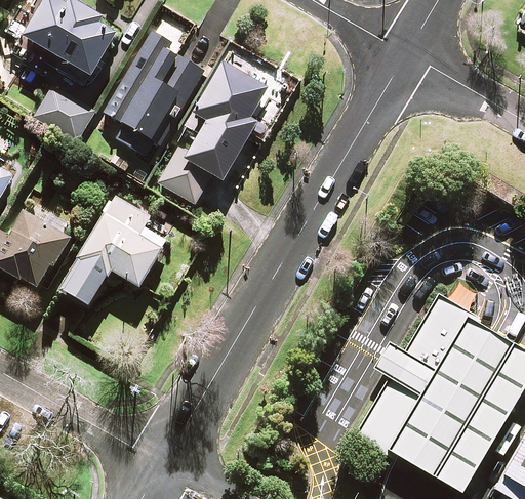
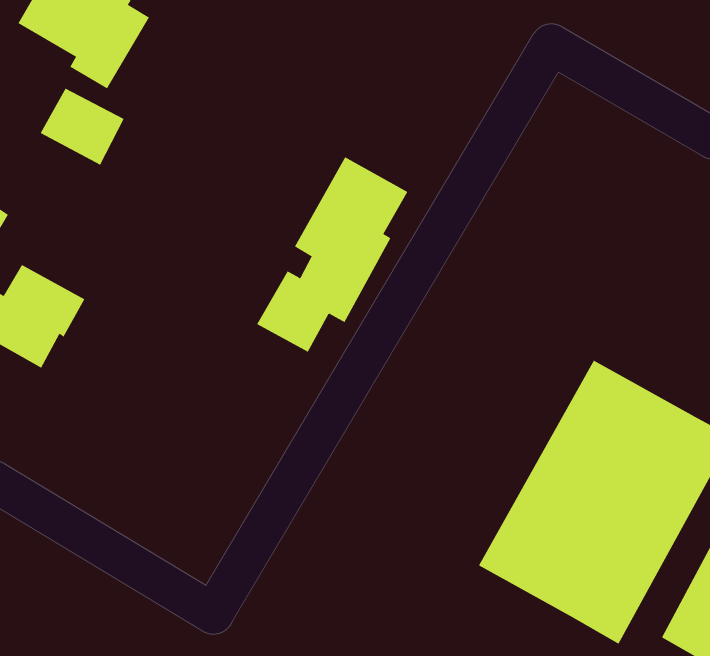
building: [105,32,204,155] -> none
building: [158,61,269,204] -> [256,156,408,352]
building: [59,193,173,306] -> none

